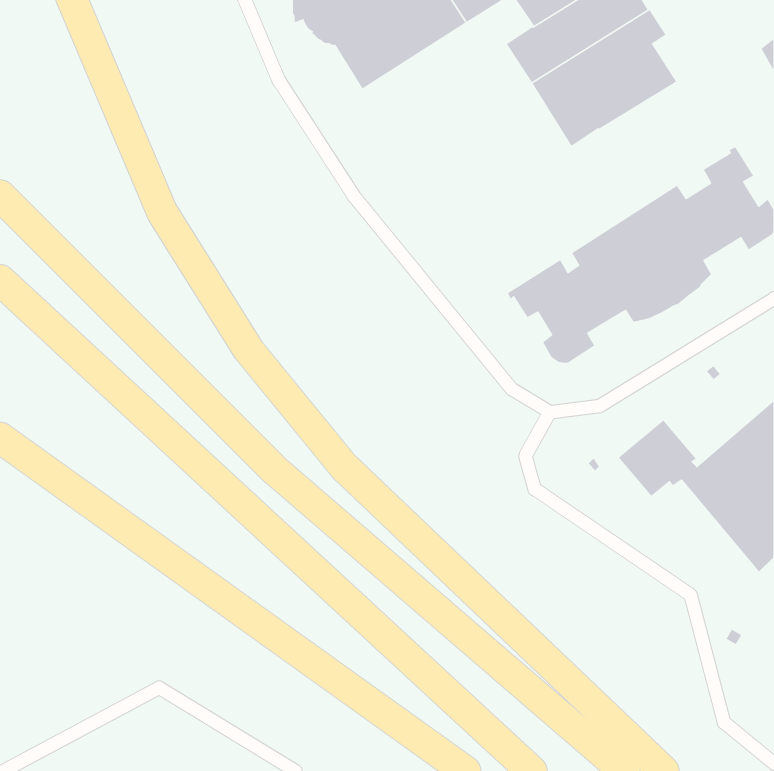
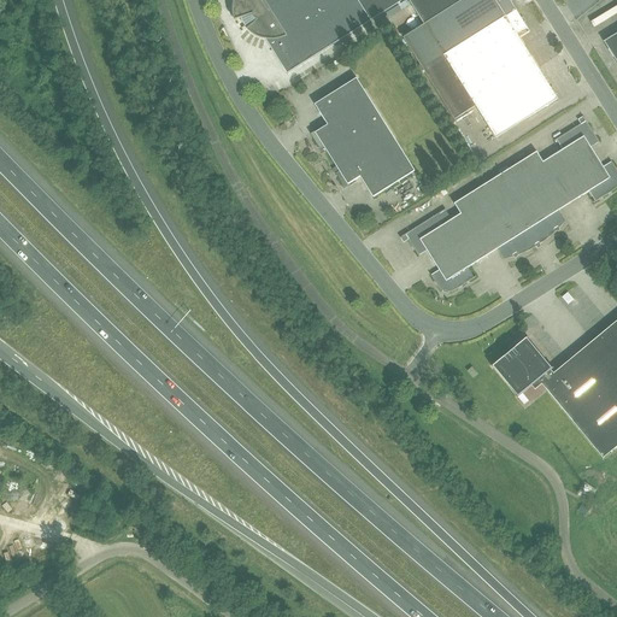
building: none -> [476,65,558,135]
building: none -> [311,75,416,194]

